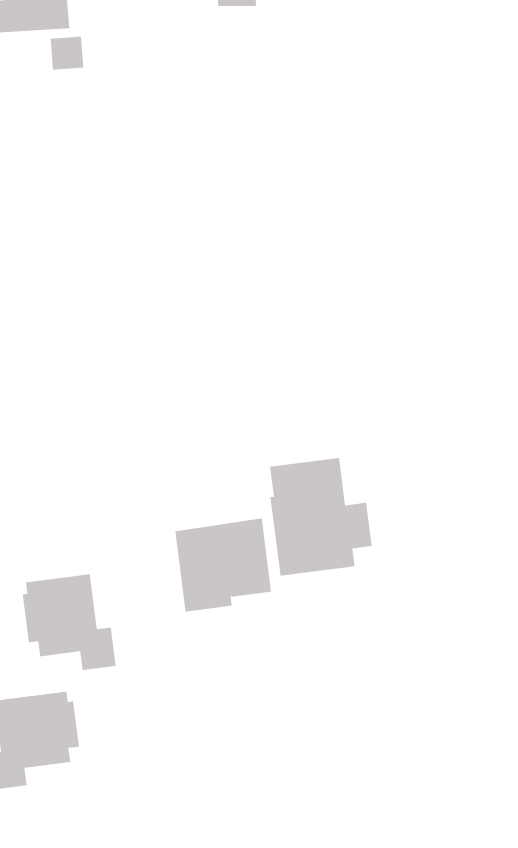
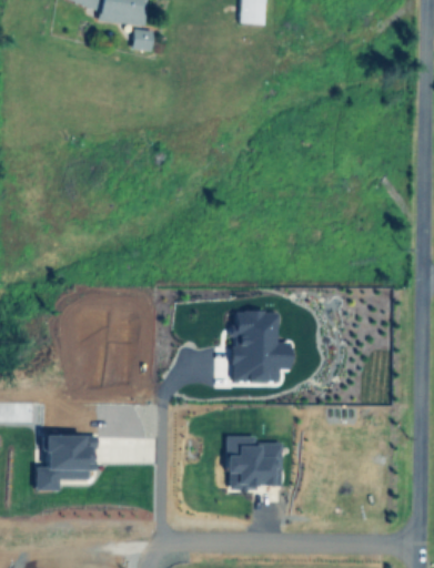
building: [175,518,272,612] -> [228,437,283,489]
building: [22,574,116,671] -> none

